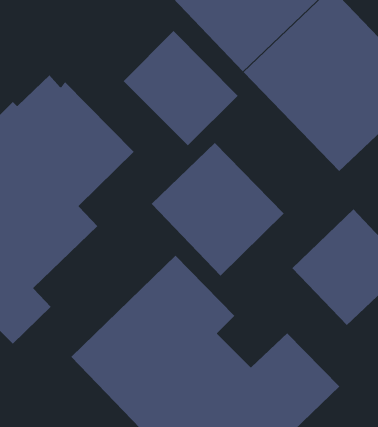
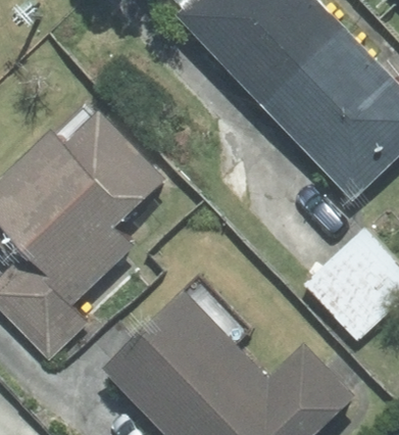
building: [123,30,239,146] -> none
building: [151,142,284,276] -> none

